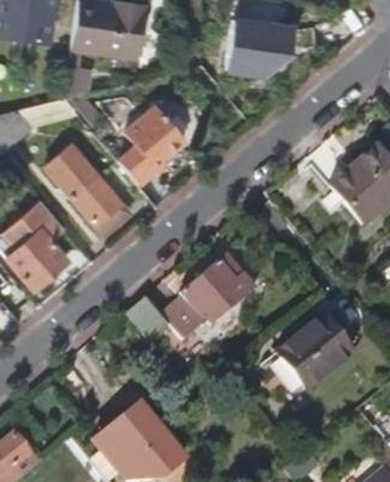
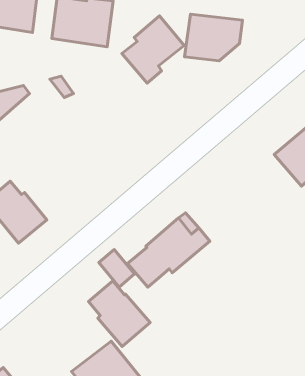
building: [109,104,181,183] -> [122,16,184,83]
building: [47,144,128,237] -> none
building: [277,319,352,391] -> none
building: none -> [88,281,150,346]

